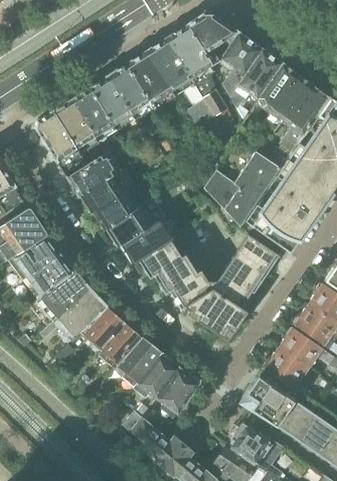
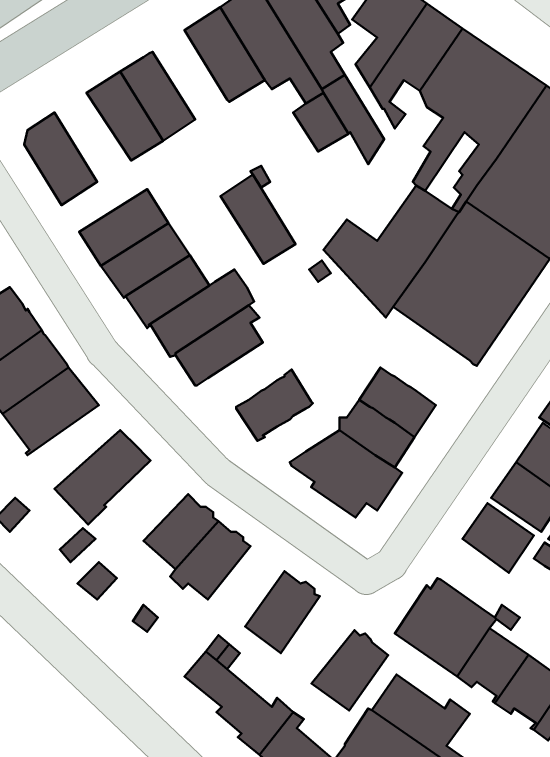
building: [108,64,150,114] -> [221,175,295,264]
building: [53,99,96,149] -> none
building: [236,234,280,274] -> none
building: [139,239,182,279] -> none
building: [170,270,213,310] -> none
building: [38,274,90,321] -> none
building: [83,307,128,350] -> none
building: [267,349,308,389] -> none
building: [139,353,182,398] -> [312,630,388,710]

